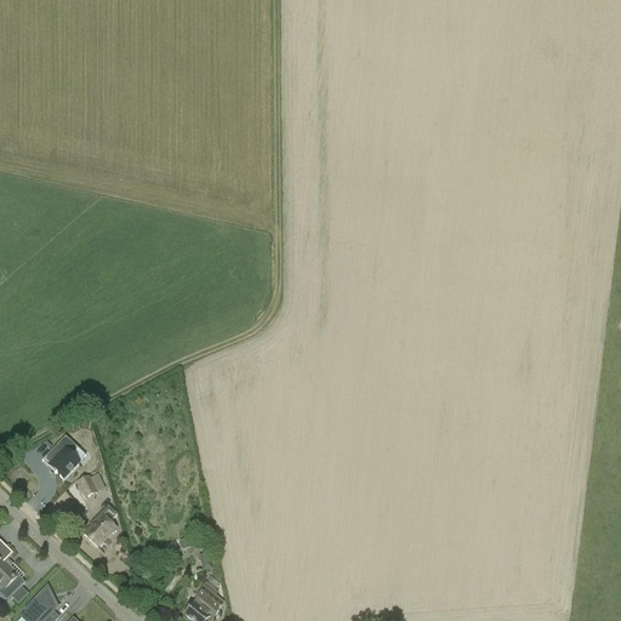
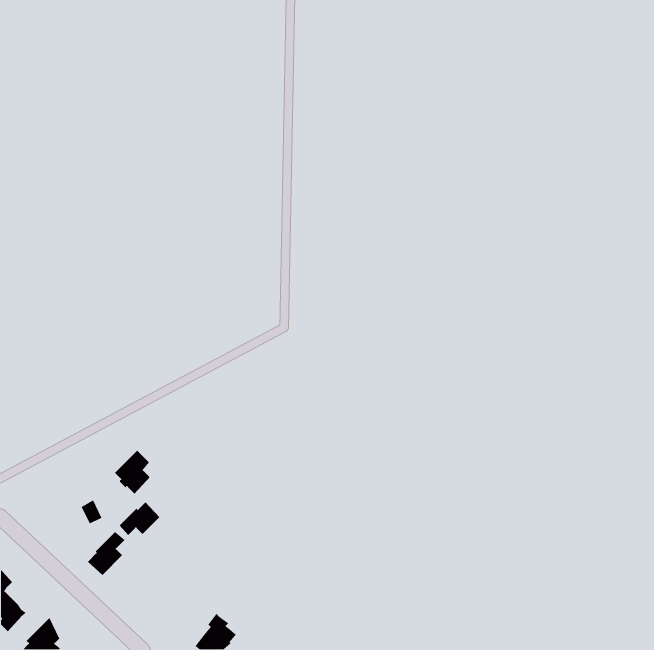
building: [44,435,79,478] -> [114,450,151,495]
building: none -> [119,501,160,536]

